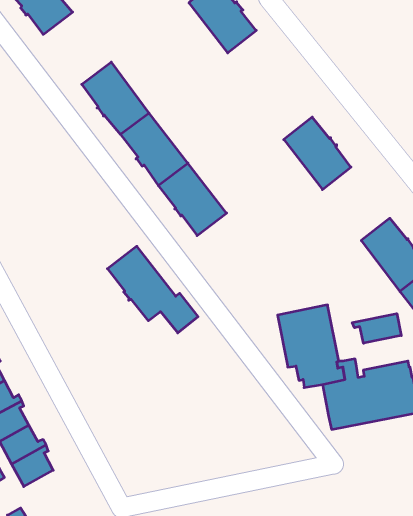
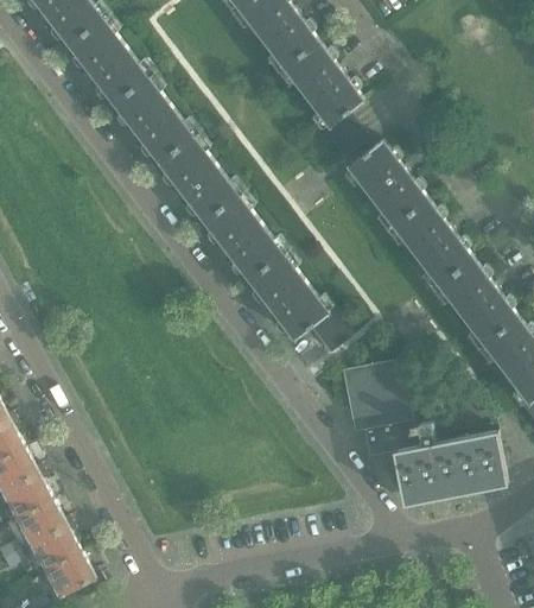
building: none -> [68,19,147,103]
building: none -> [282,40,367,158]
building: none -> [393,200,471,285]
building: [107,246,198,333] -> [247,253,352,354]
building: [352,314,401,343] -> none
building: none -> [45,552,103,598]

